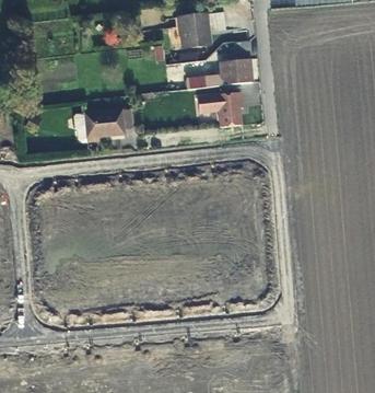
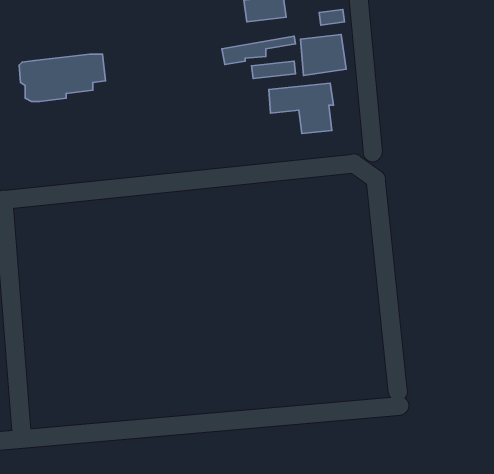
building: [73,109,133,142] -> [19,54,106,101]

